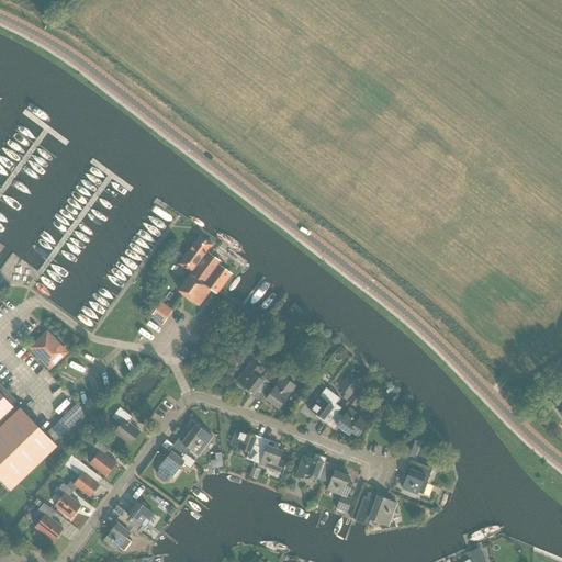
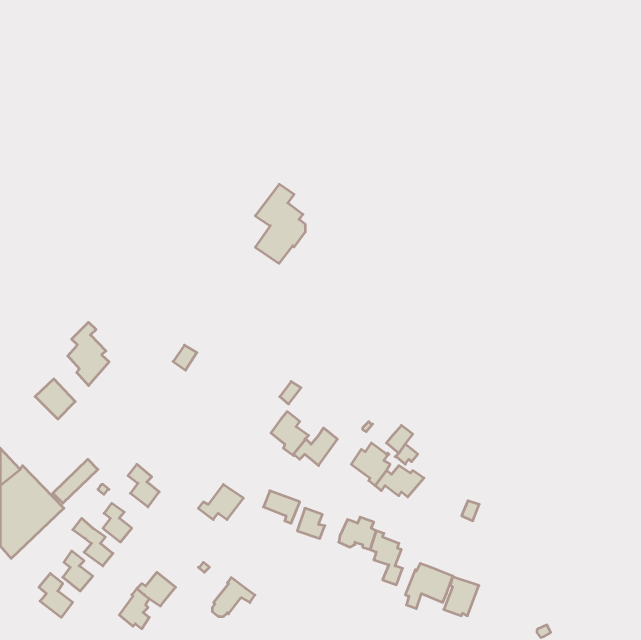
building: [179,235,223,304] -> [255,184,305,263]
building: none -> [68,322,109,386]
building: [157,445,194,479] -> [212,578,255,616]
building: [402,459,432,493] -> [444,577,479,616]

